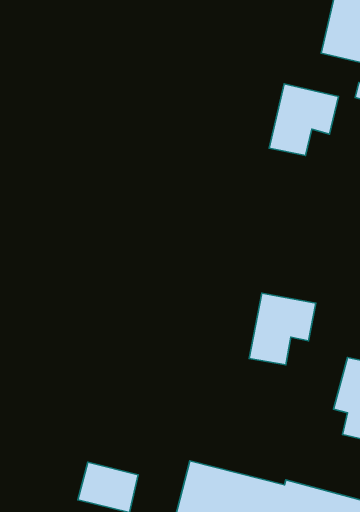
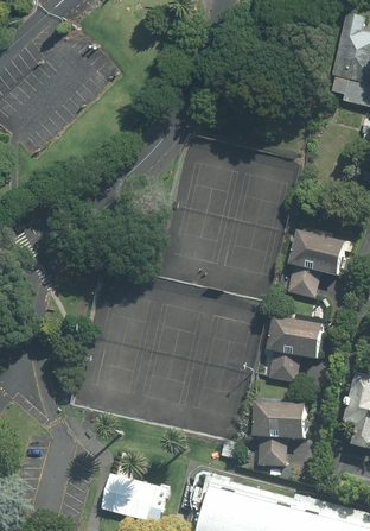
building: [269,84,338,156] -> [279,230,344,298]
building: none -> [250,403,304,466]

